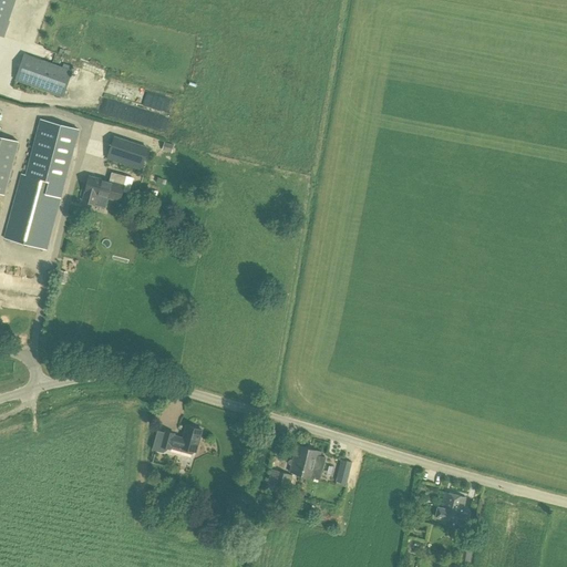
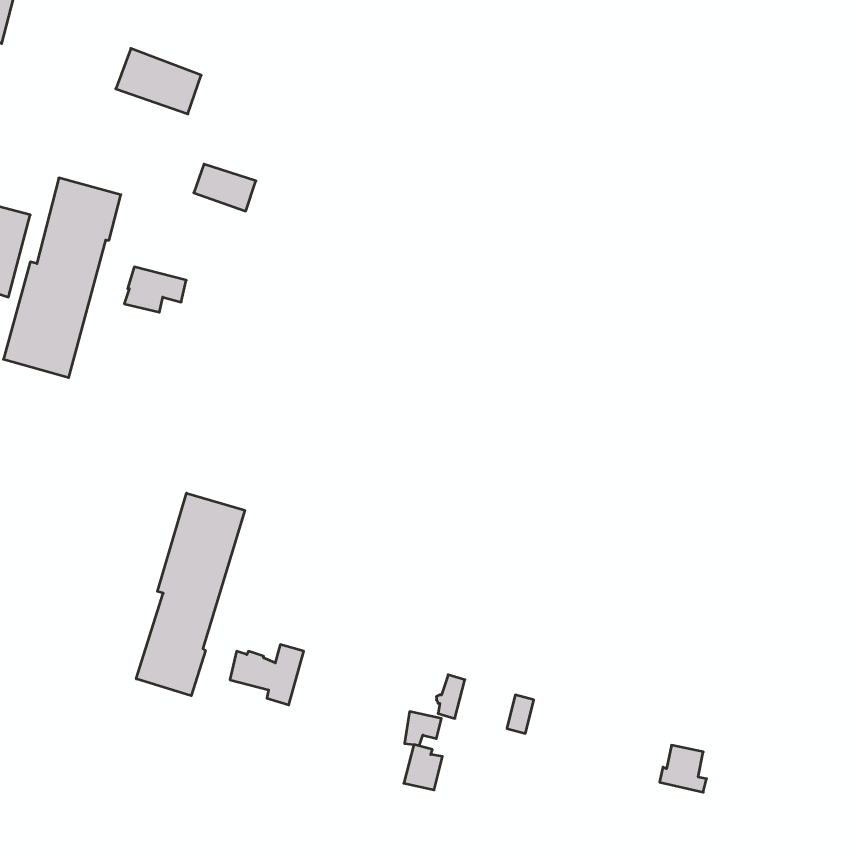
building: [14,53,71,96] -> [116,48,201,114]
building: [105,138,146,169] -> [194,164,256,211]
building: none -> [136,493,245,696]
building: [300,449,326,478] -> [404,745,442,790]

